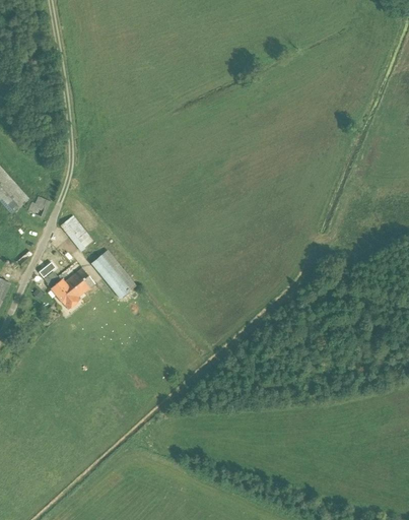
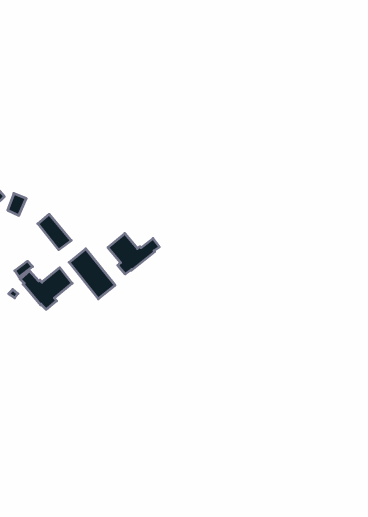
building: none -> [108,233,159,274]

